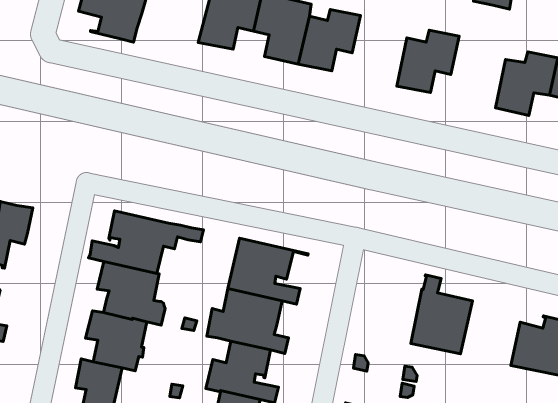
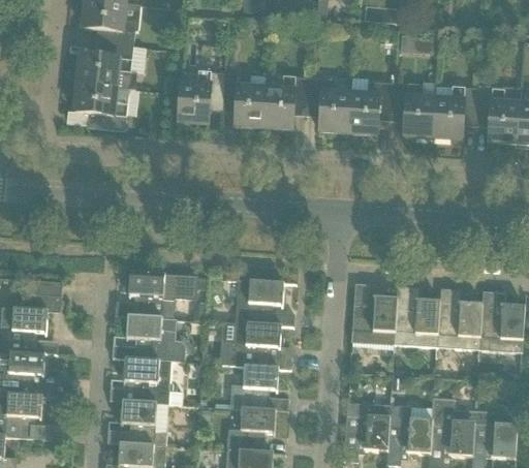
building: none -> [307,79,350,132]
building: none -> [392,83,435,137]
building: none -> [351,282,396,344]
building: none -> [436,288,481,349]

